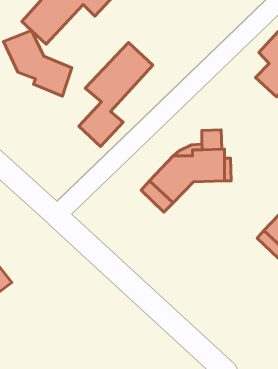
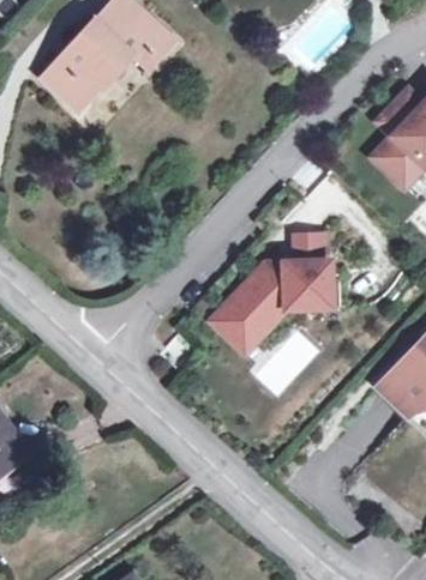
building: [4,30,72,96] -> none
building: [79,43,153,146] -> none

